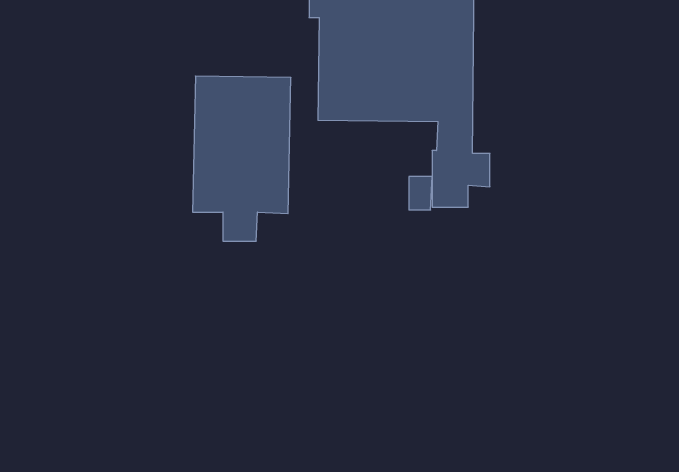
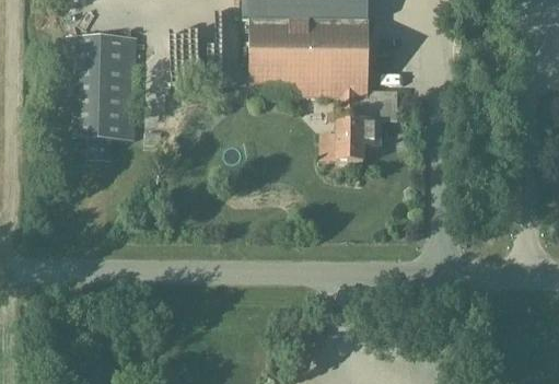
building: [193,76,291,241] -> [66,34,140,159]

